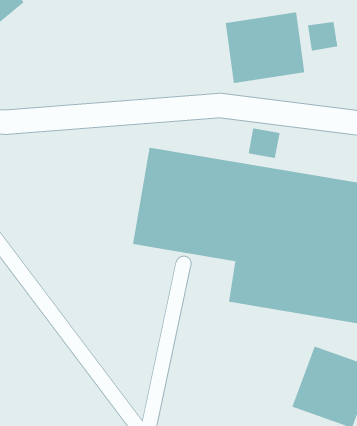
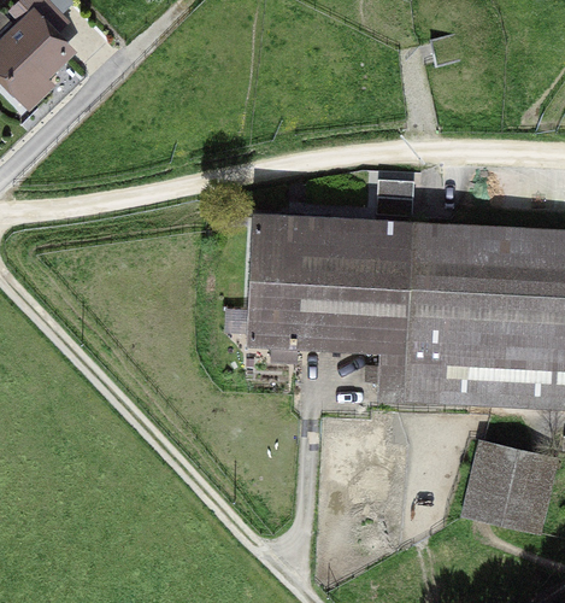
building: [225,12,305,84] -> none

